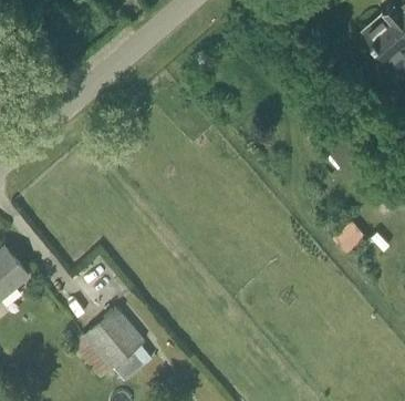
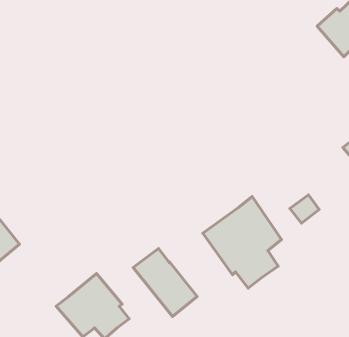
building: none -> [203,197,281,288]
building: none -> [133,249,197,317]

